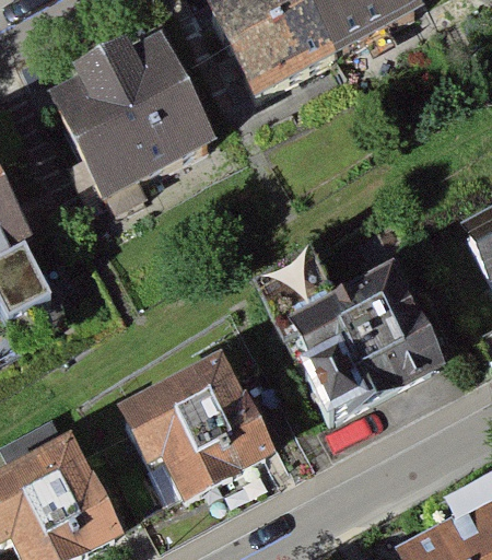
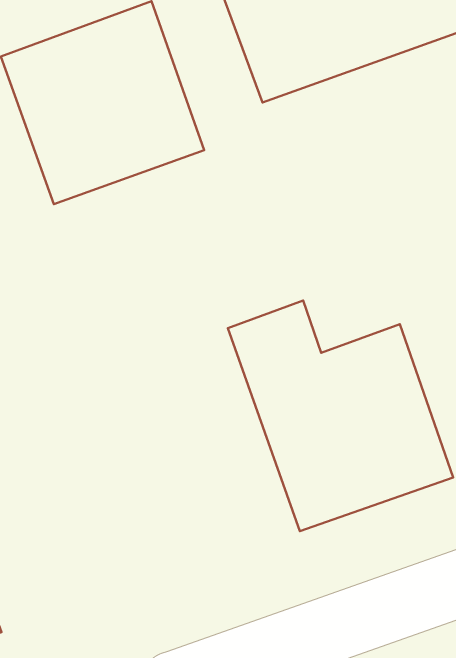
building: [126,348,276,498] -> none

